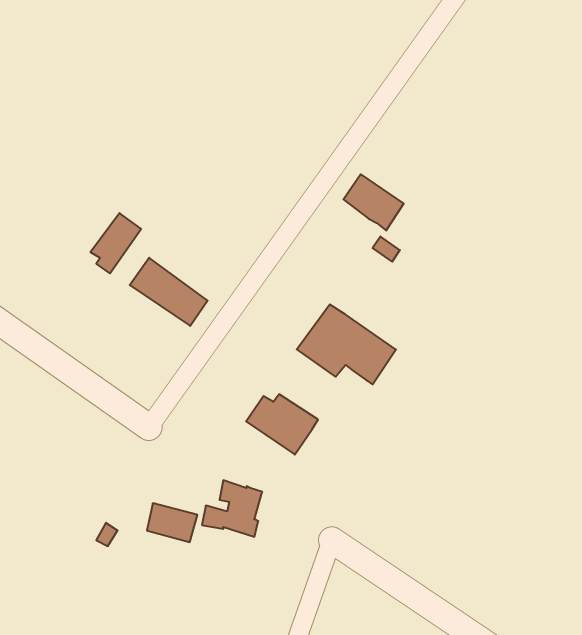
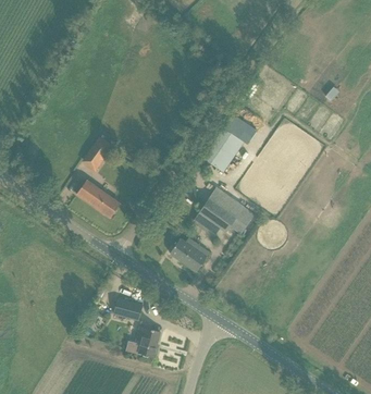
building: none -> [201,128,237,172]
building: [130,258,208,326] -> [75,178,119,217]
building: [202,480,262,537] -> [125,325,159,357]

